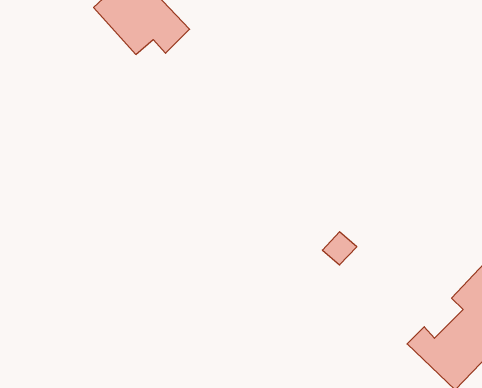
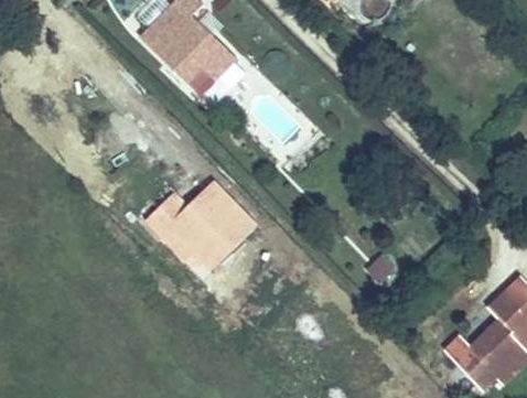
building: none -> [148,190,256,269]

